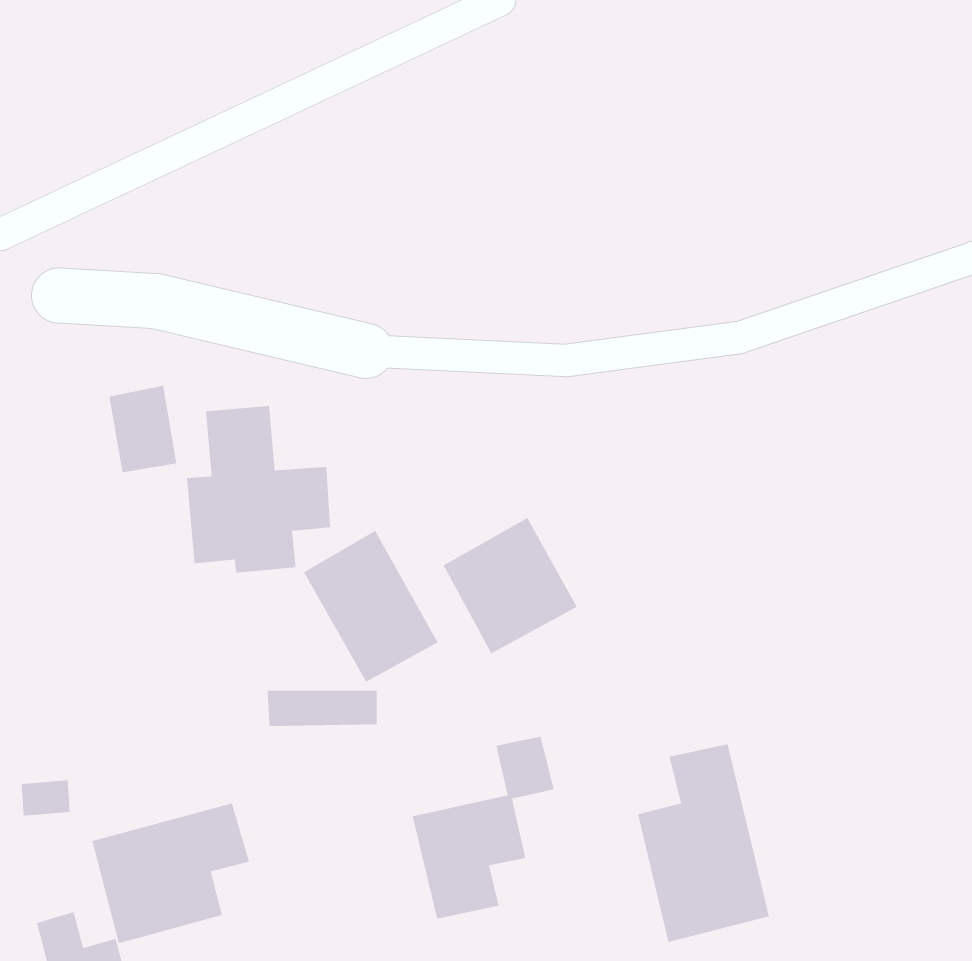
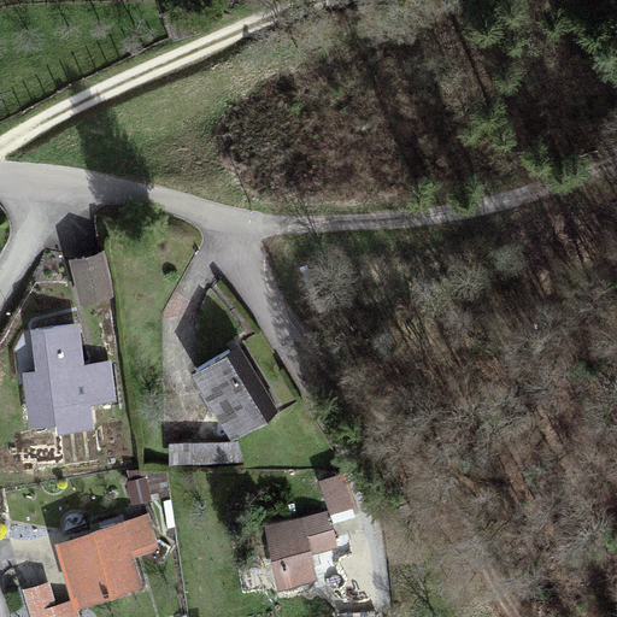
building: [186,405,331,573] -> [23,327,114,433]
building: [443,517,578,654] -> none
building: [637,744,770,943] -> none

